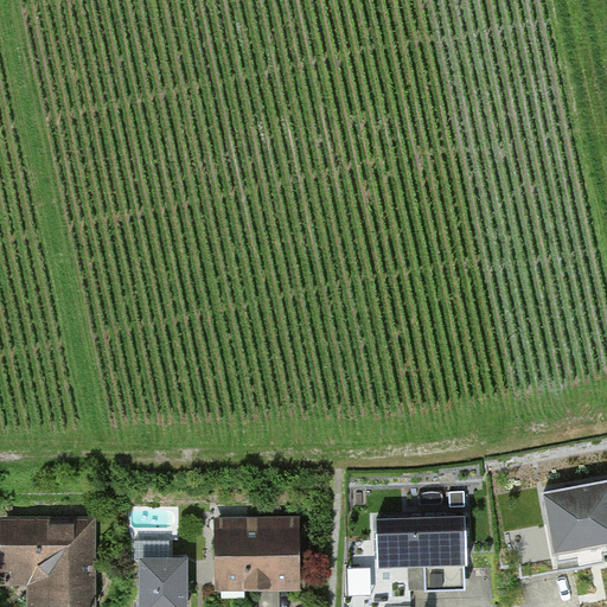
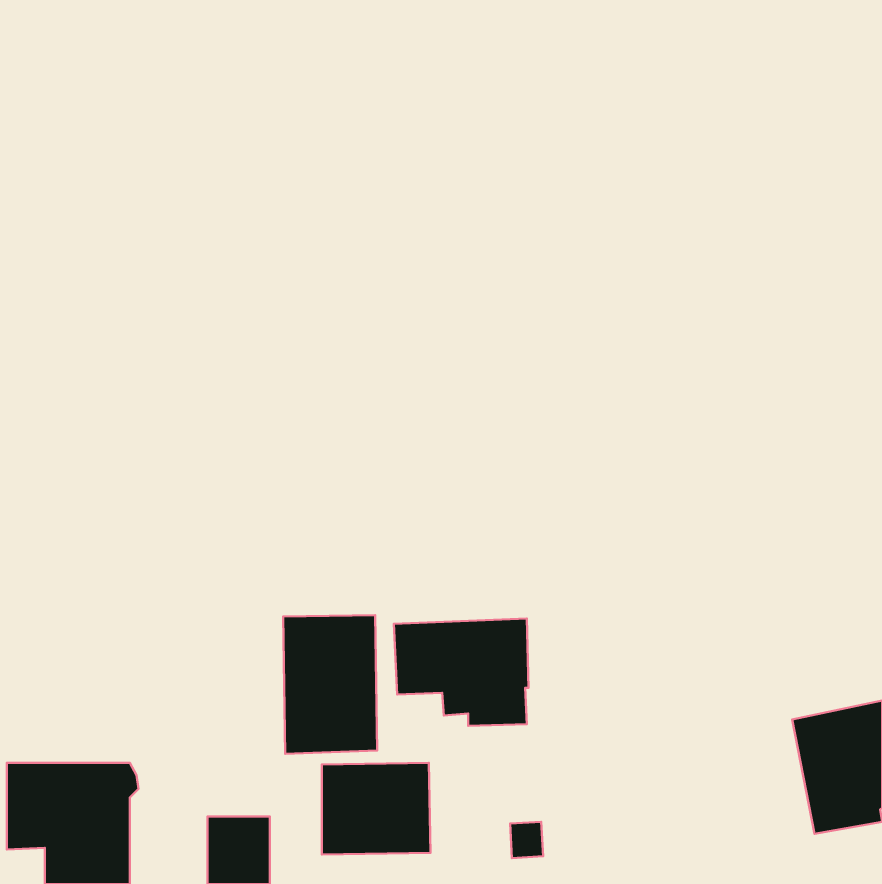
building: none -> [283,615,377,754]
building: [375,516,467,589] -> [394,619,529,726]

